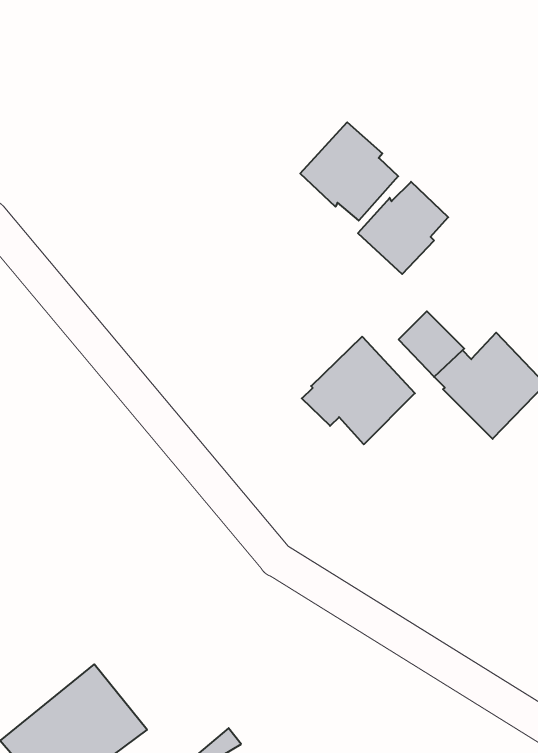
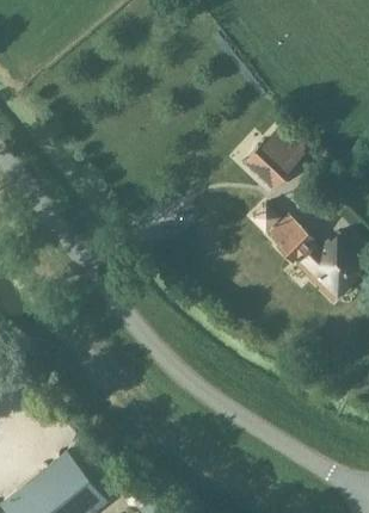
building: [300,122,398,221] -> none
building: [302,337,415,444] -> none

